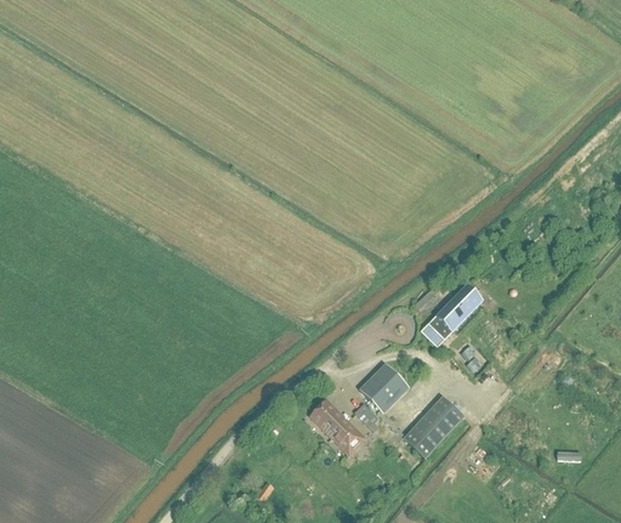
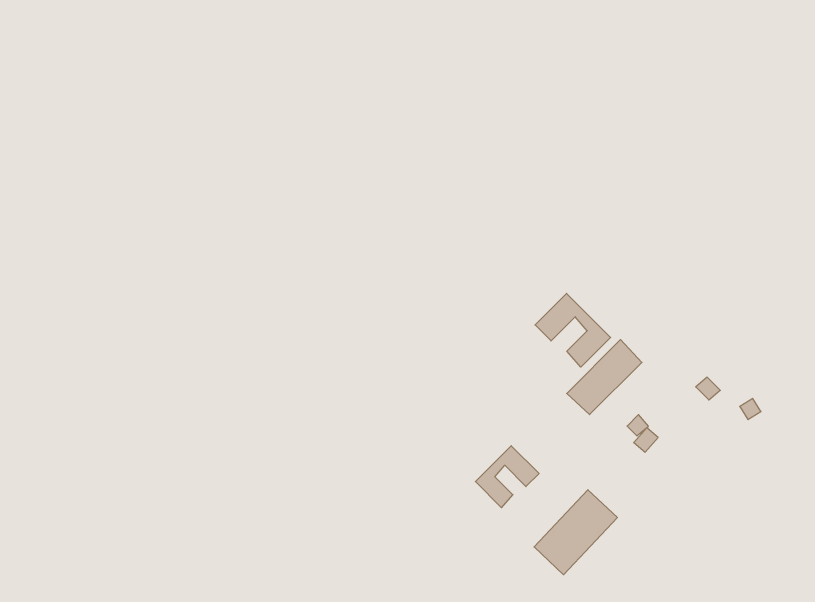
building: none -> [535,293,611,367]
building: [309,400,364,454] -> none

